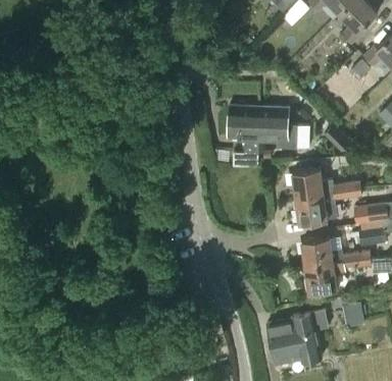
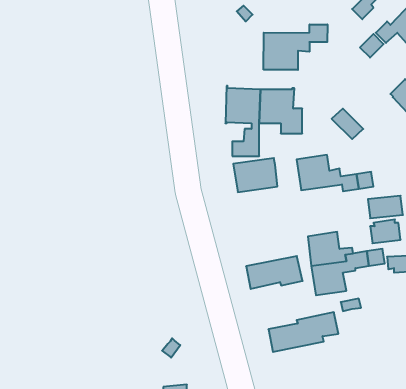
building: none -> [264,24,327,70]
building: [296,194,336,224] -> [233,158,277,192]
building: [271,335,322,365] -> [246,256,303,289]

